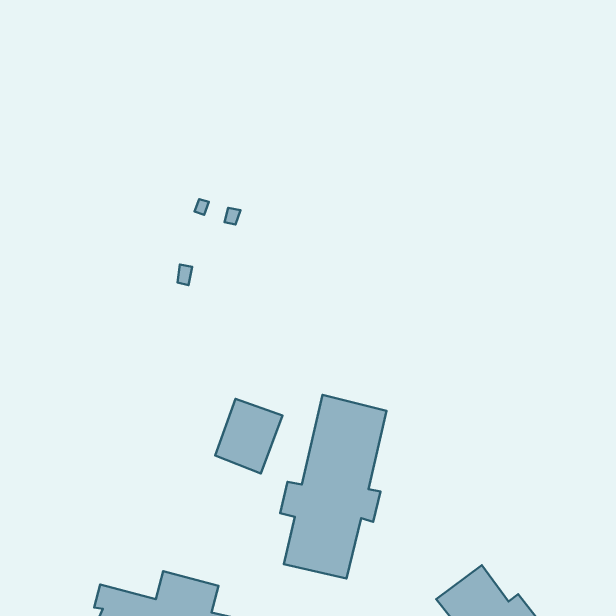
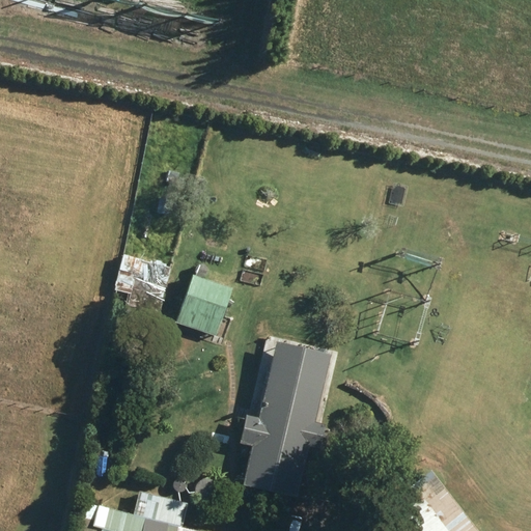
building: none -> [113,256,168,306]
building: [215,399,283,474] -> [175,274,233,338]

